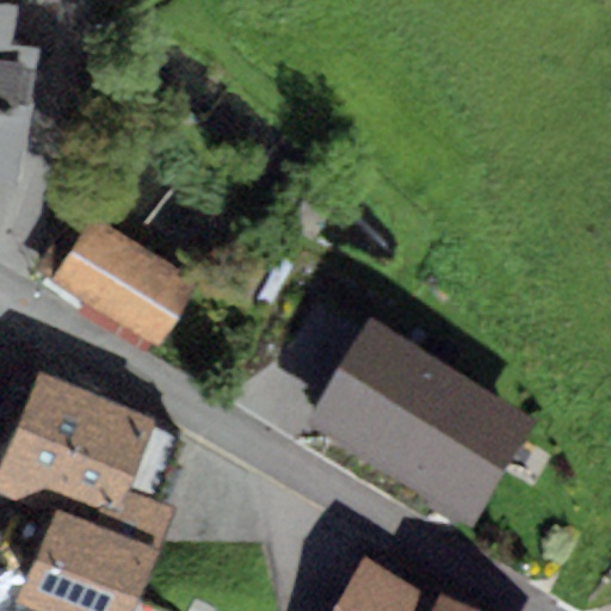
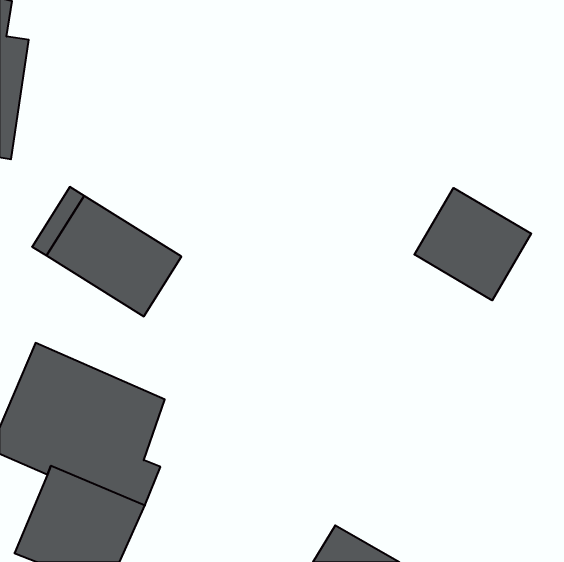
building: none -> [414,188,531,300]
building: [311,340,536,537] -> none

